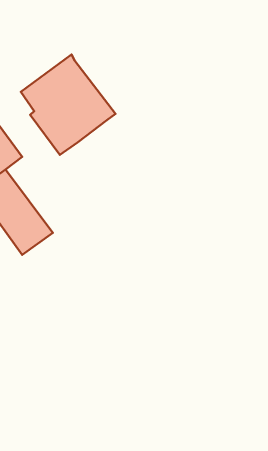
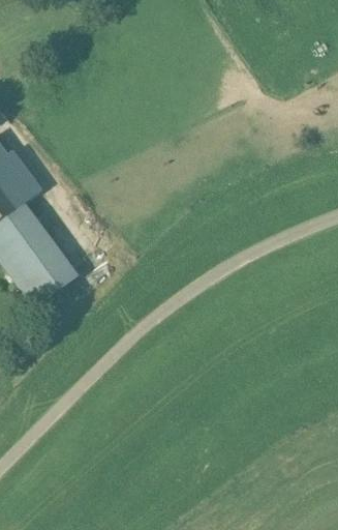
building: [21,54,116,155] -> none

